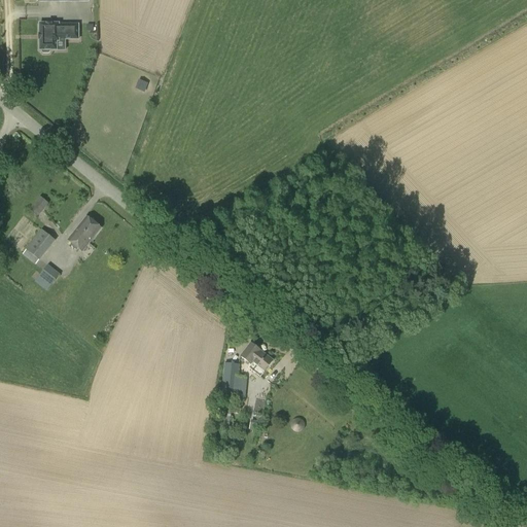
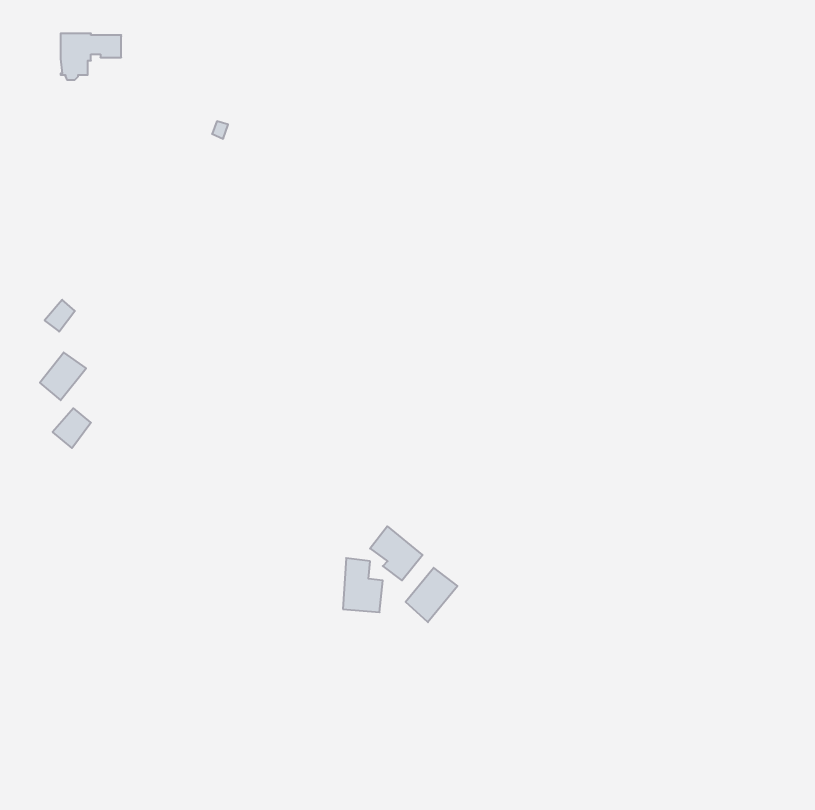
building: [67,213,102,250] -> none
building: none -> [406,568,457,622]

